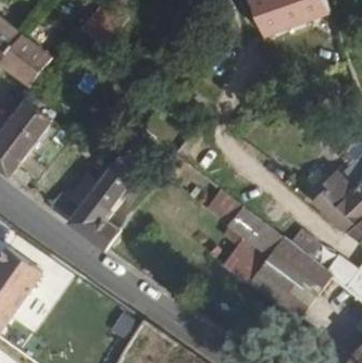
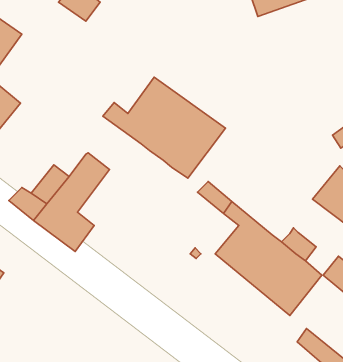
building: none -> [103,77,225,178]

